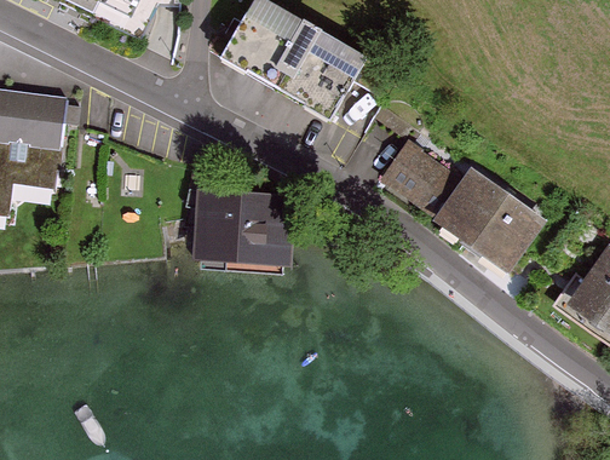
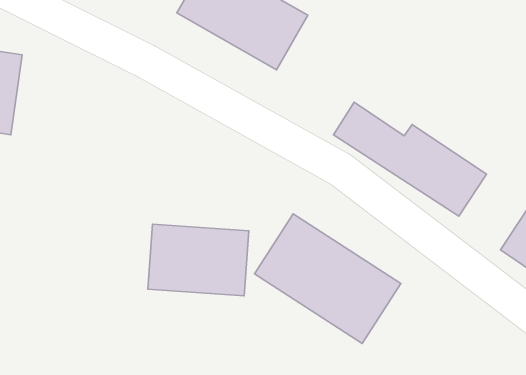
building: [192,185,298,260] -> [148,224,249,296]
building: none -> [255,214,401,344]

